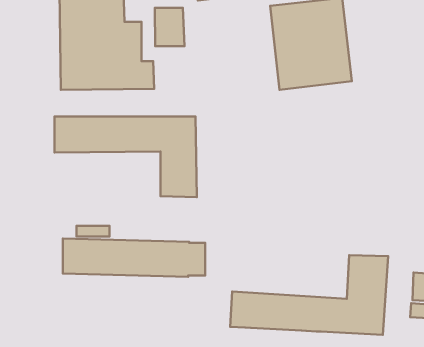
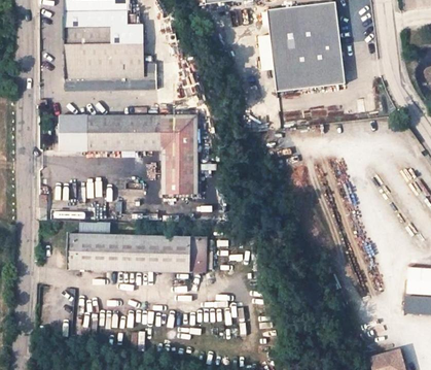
building: [155,8,184,46] -> none
building: [230,255,388,335] -> none

